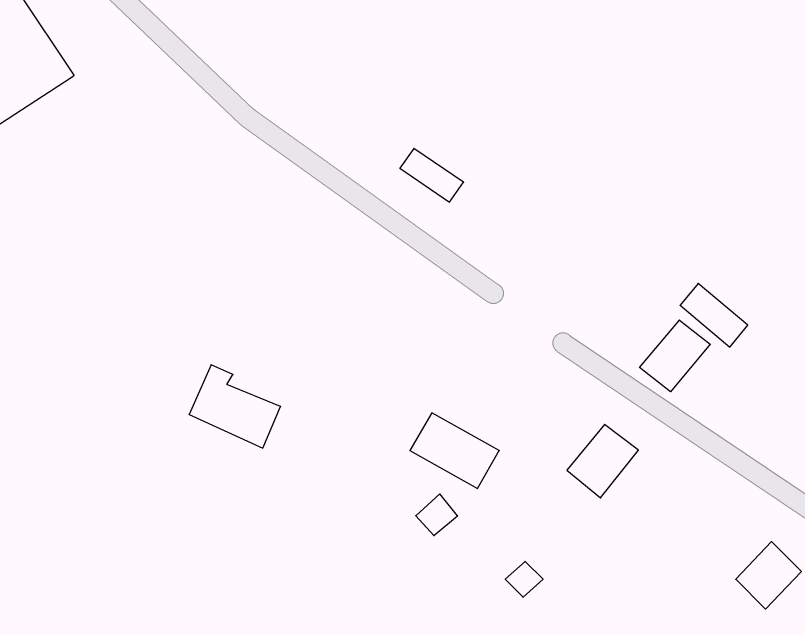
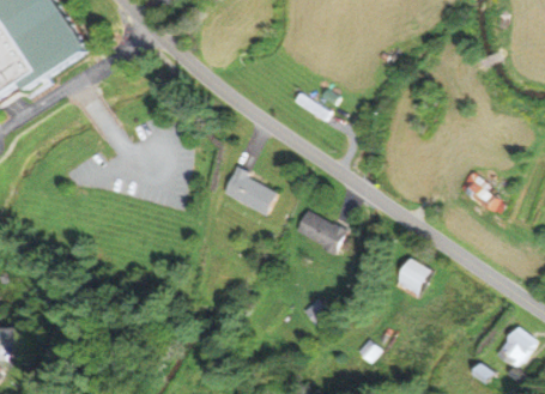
building: [640,320,710,392] -> none
building: [189,365,281,448] -> [222,165,277,216]
building: [410,413,499,488] -> [295,208,349,254]

